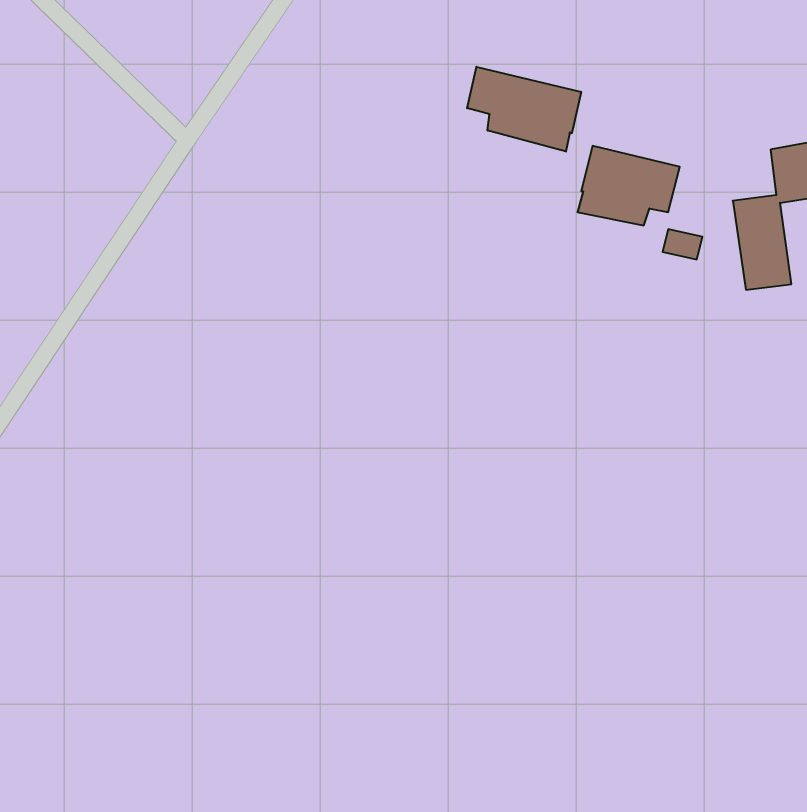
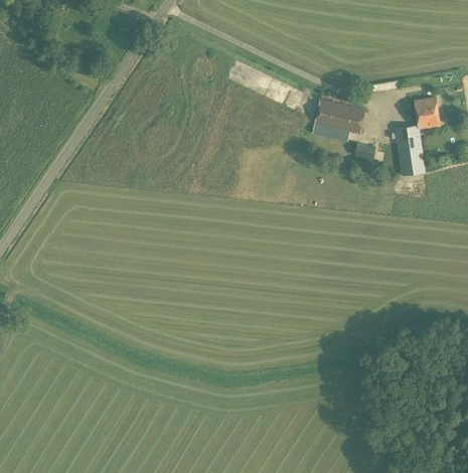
building: [467,67,581,152] -> none

